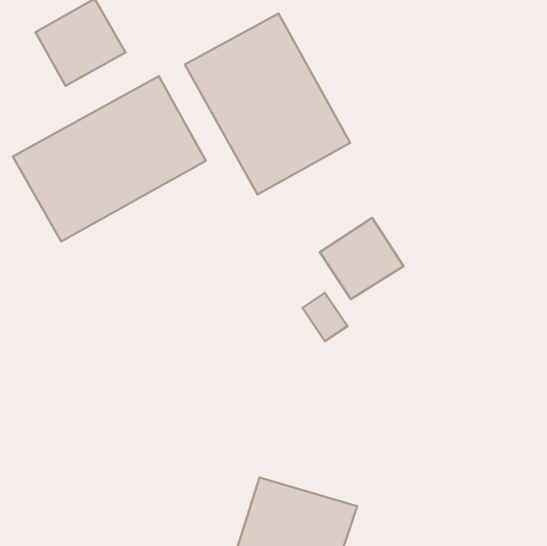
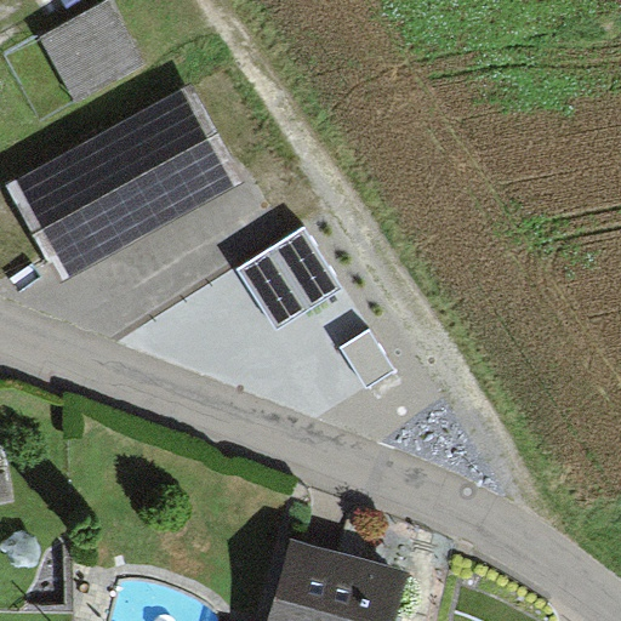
building: [185,14,350,194] -> none
building: [320,218,403,299] -> [243,234,337,326]

